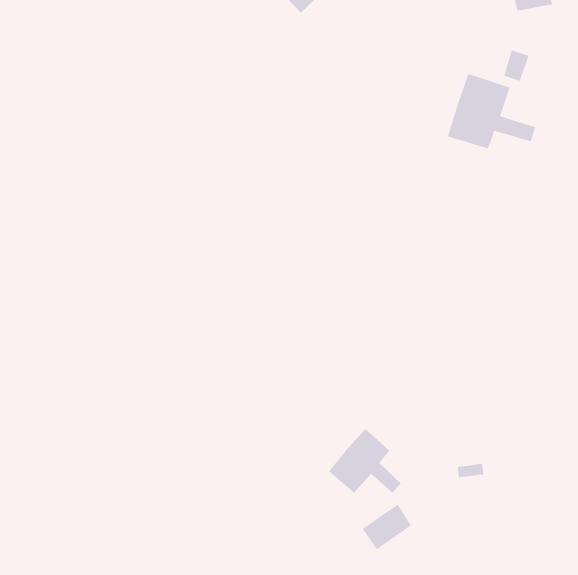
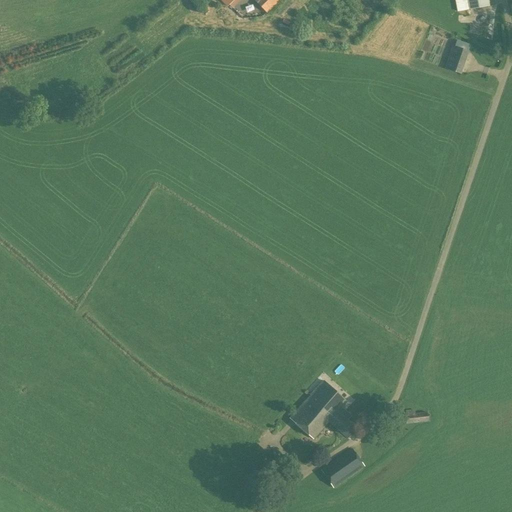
building: [447,73,536,149] -> none

